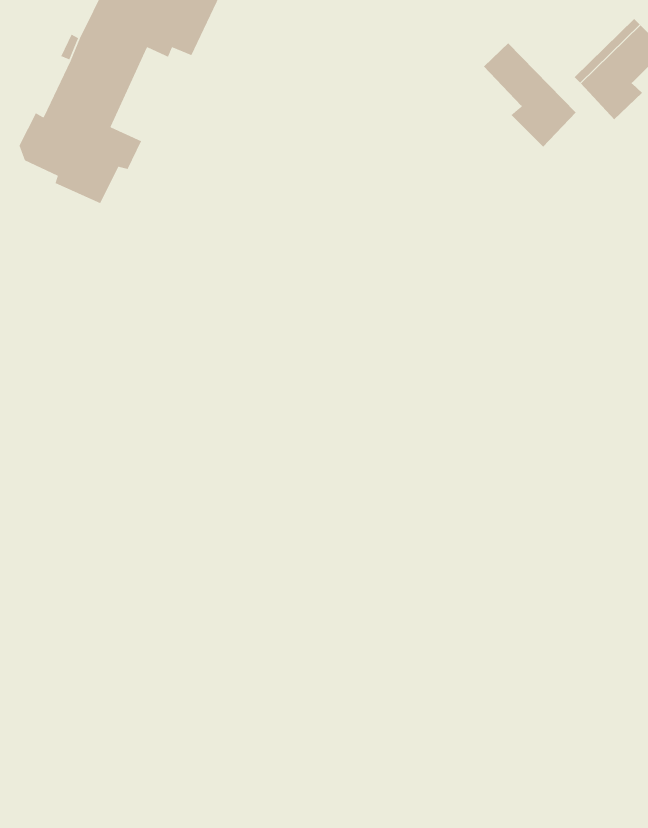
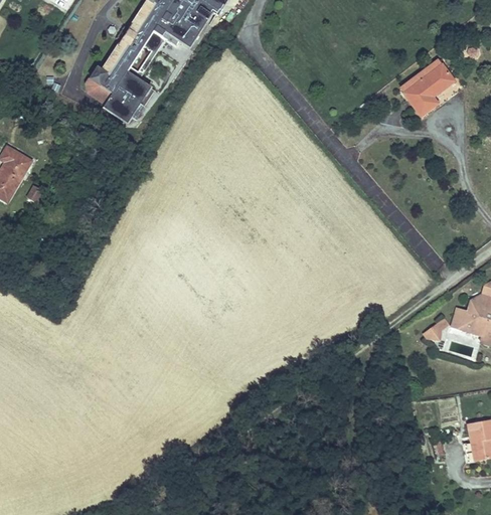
building: [483,43,577,147] -> none

